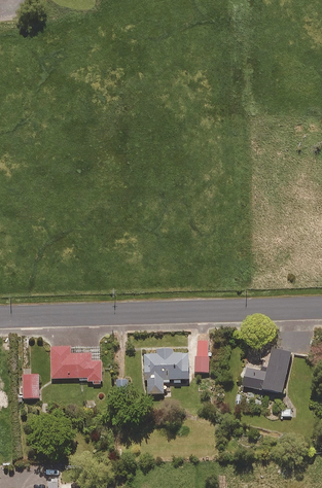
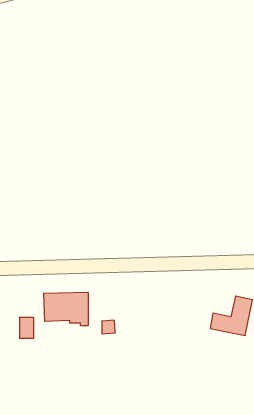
building: [194,340,209,372] -> none
building: [144,347,189,393] -> none

